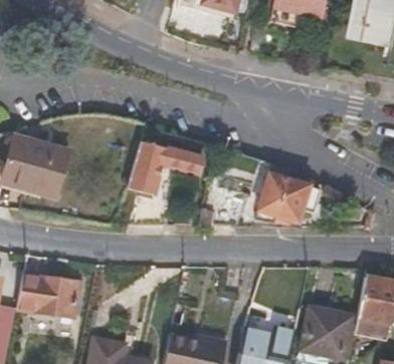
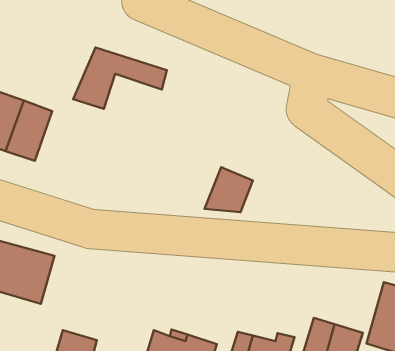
building: [123,143,201,196] -> [73,47,167,109]
building: [253,165,319,221] -> none

